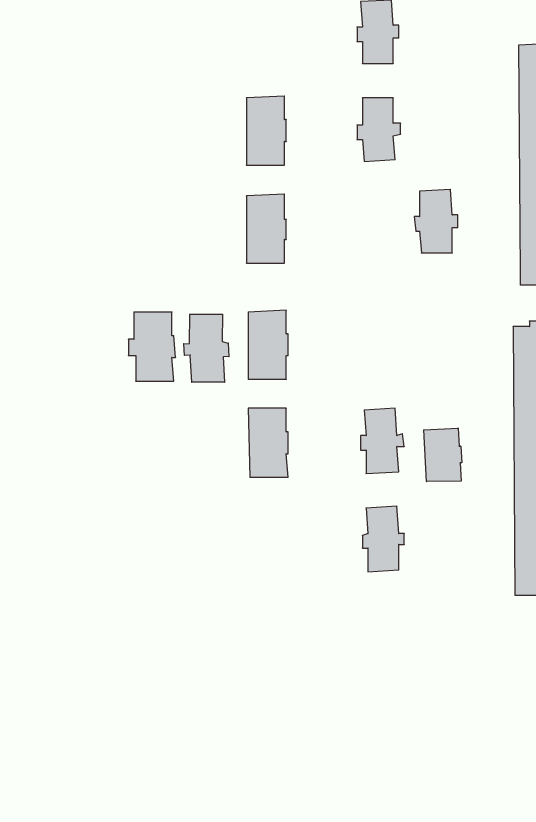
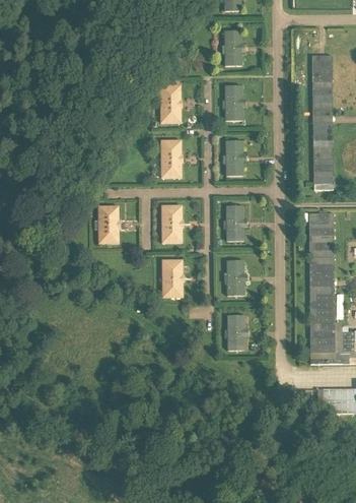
building: [414,189,458,253] -> [222,140,246,176]
building: none -> [223,205,247,241]
building: [184,314,229,382] -> none
building: [424,428,462,482] -> none

